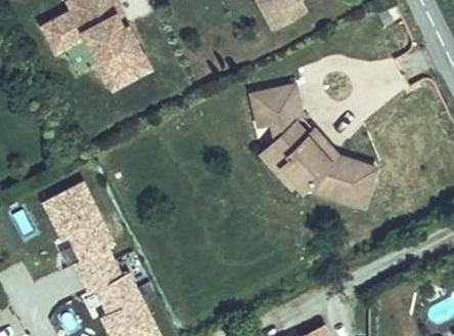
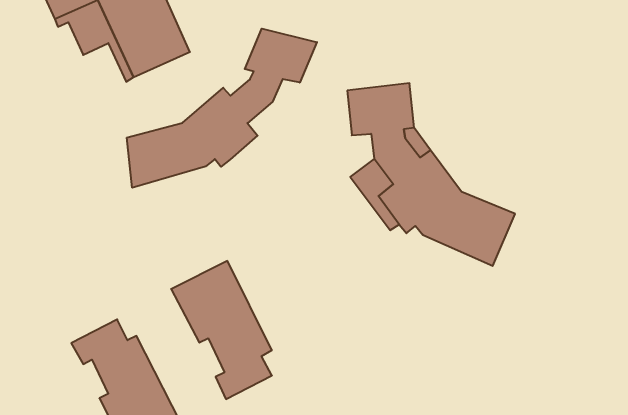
building: none -> [127,29,317,188]
building: [32,164,101,259] -> [171,261,272,399]

